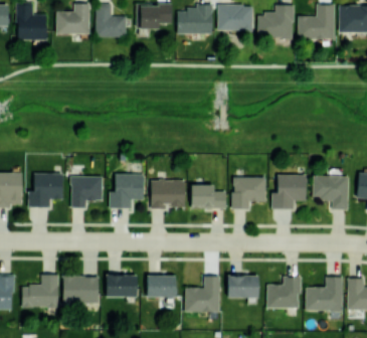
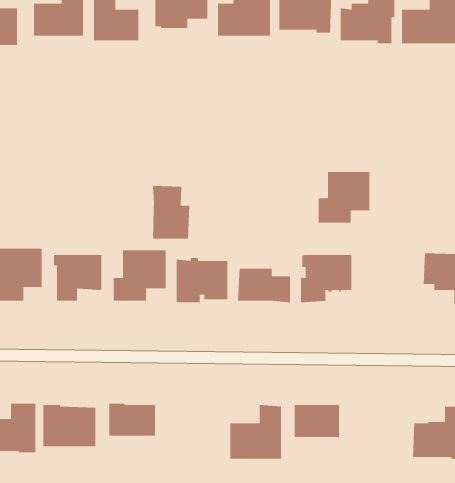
building: none -> [152,185,190,240]
building: [271,175,306,209] -> [318,171,370,223]
building: [147,276,175,298] -> none
building: [266,277,301,309] -> none

